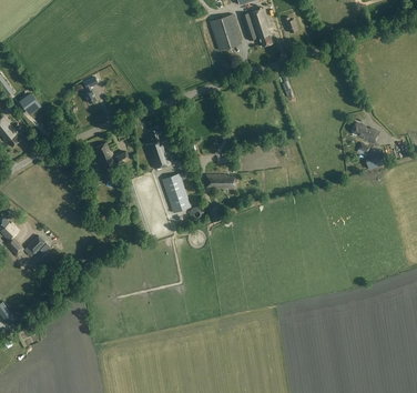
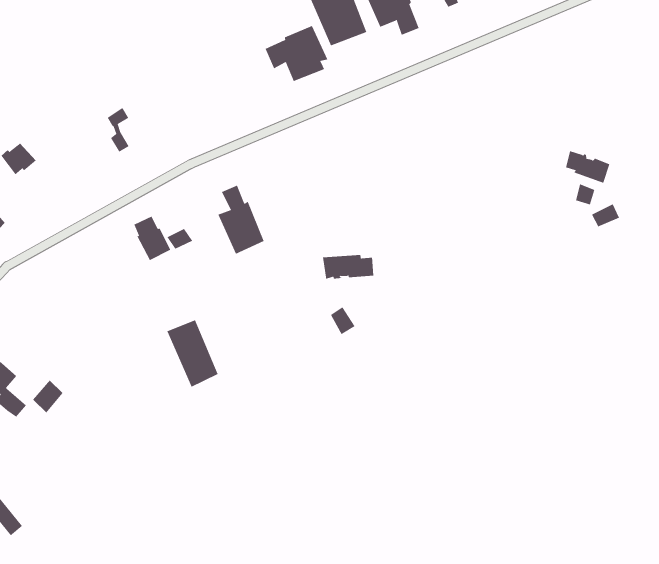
building: none -> [265,25,328,82]
building: [162,173,191,213] -> [166,320,218,388]

